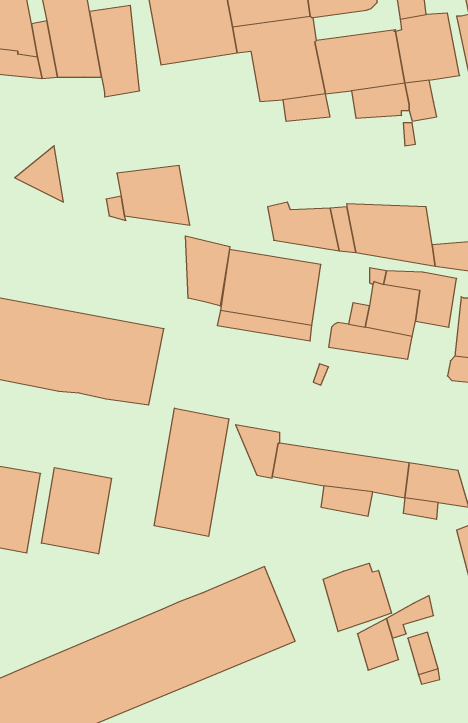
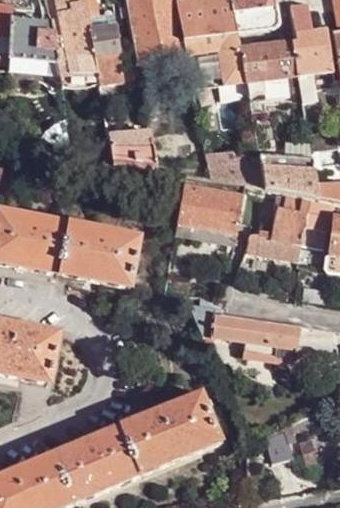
building: [185,236,230,306] -> none
building: [154,408,229,536] -> none
building: [41,468,111,554] -> none
building: [323,563,392,632] -> none

